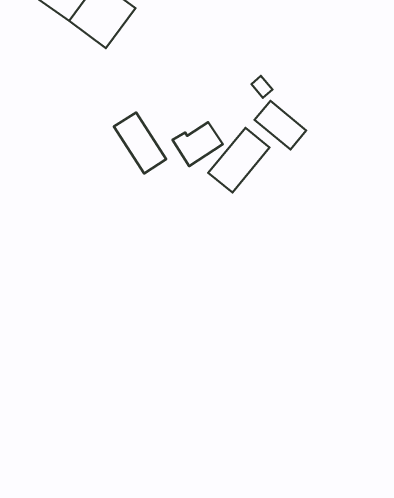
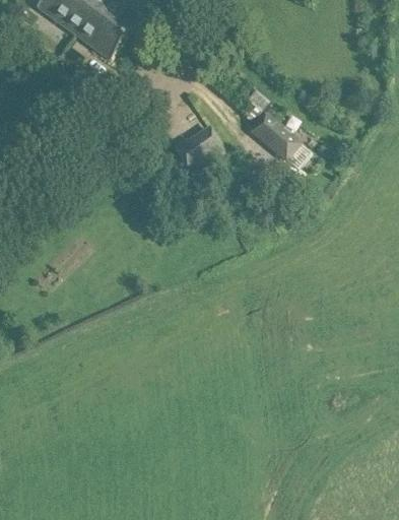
building: [114,112,166,174] -> none
building: [208,128,269,192] -> none

